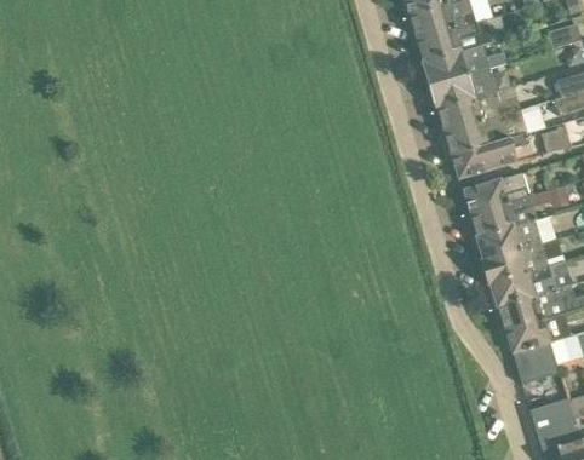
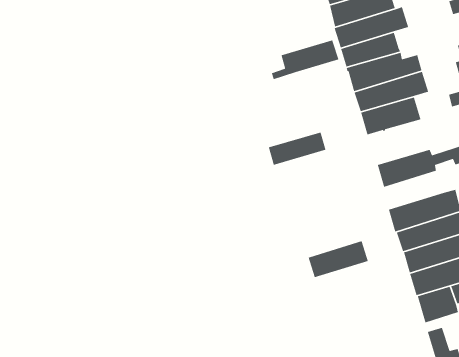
building: none -> [271,39,340,80]
building: [463,172,527,209] -> [268,131,327,166]
building: [475,217,542,258] -> [308,240,369,278]

